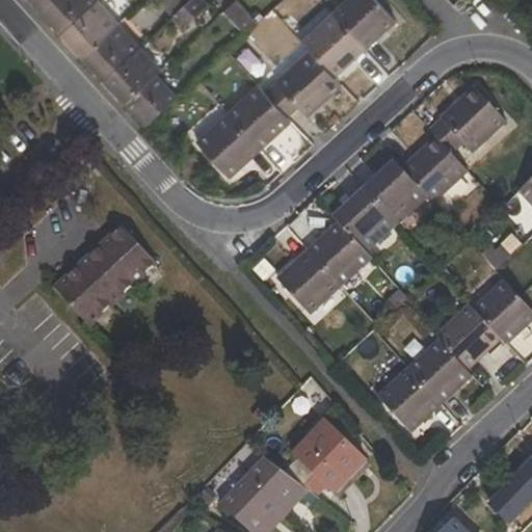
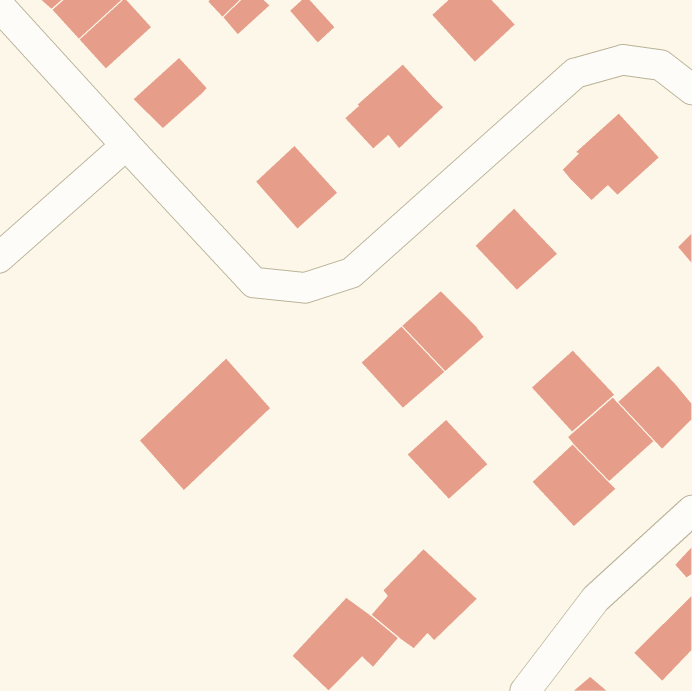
building: [300,11,364,75] -> none
building: [81,21,137,76] -> none
building: [125,72,176,123] -> none
building: [225,83,290,148] -> none
building: [402,136,468,202] -> none
building: [332,188,396,250] -> none
building: [54,223,155,325] -> [139,358,271,491]
building: none -> [531,350,615,432]
building: [377,369,440,430] -> [407,419,488,499]

